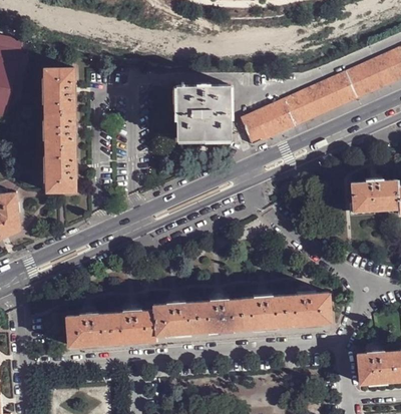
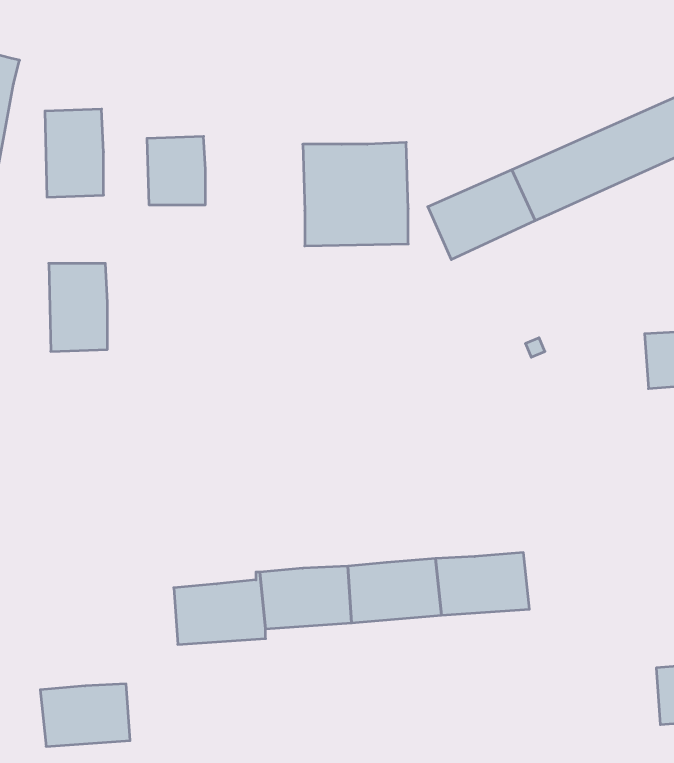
building: [44,112,74,147] -> [147,136,205,205]
building: [289,293,331,325] -> none
building: [65,314,111,346] -> [40,684,130,746]

